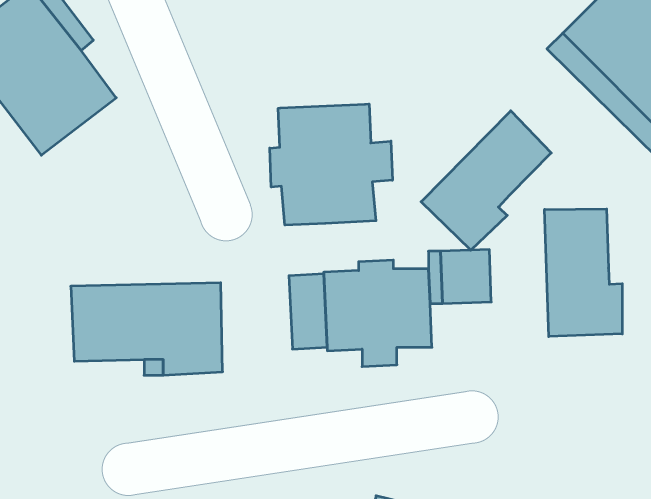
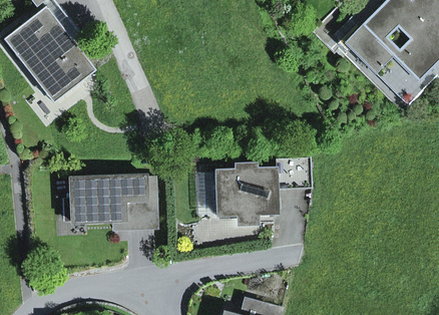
building: [270,104,392,225] -> none
building: [421,111,551,250] -> none
building: [545,209,622,337] -> none

